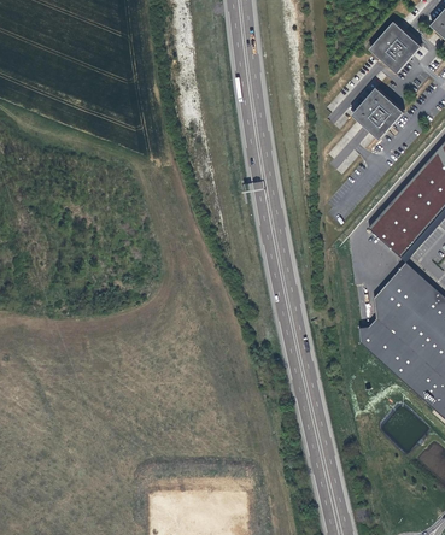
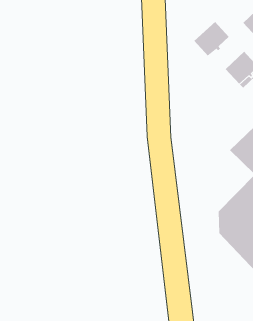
building: none -> [193,21,230,56]

